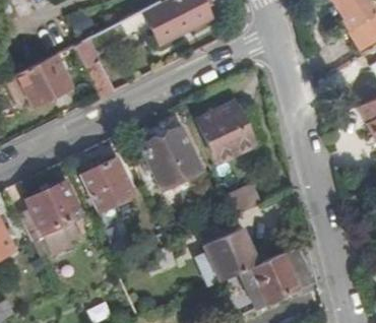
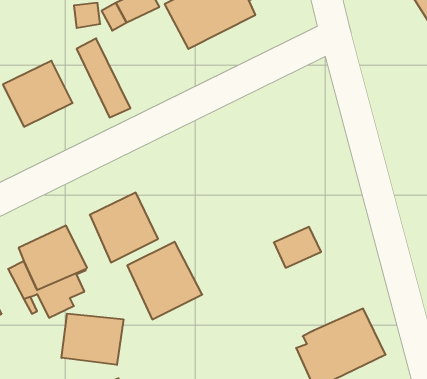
building: [198,102,265,160] -> none
building: [144,128,202,188] -> [127,242,202,319]
building: [204,227,257,280] -> none
building: none -> [61,314,123,365]

